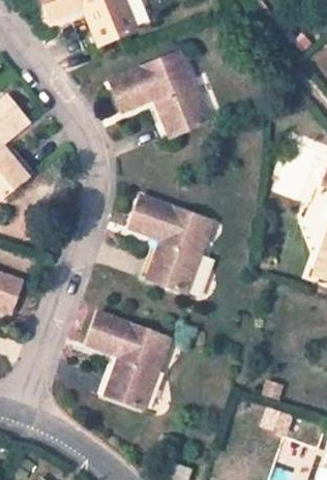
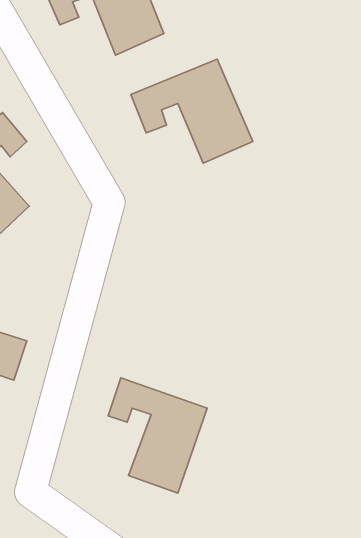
building: [129,196,212,292] -> none

